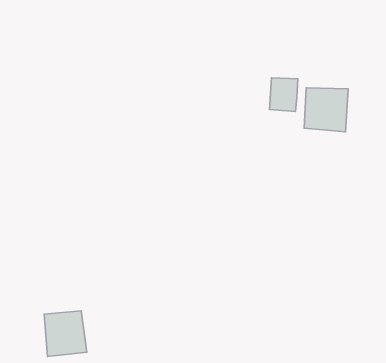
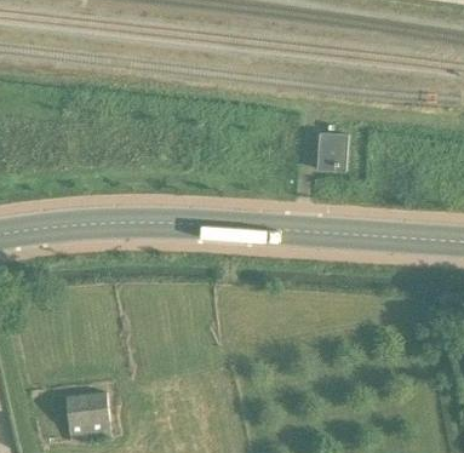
building: [304,88,348,132] -> none

